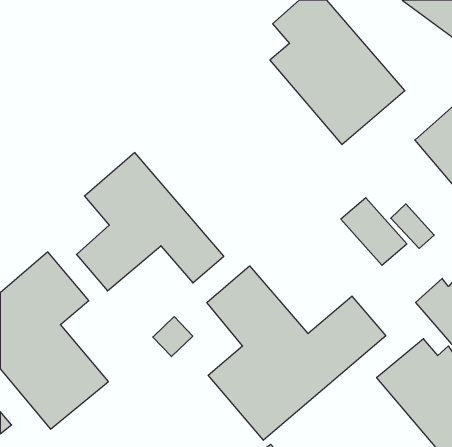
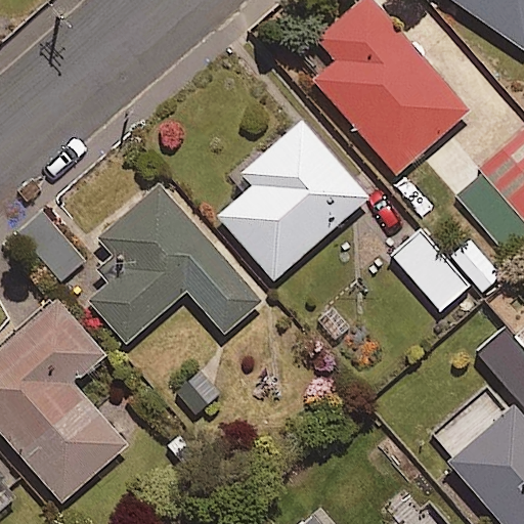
building: none -> [218,118,368,278]
building: [207,266,386,440] -> none

